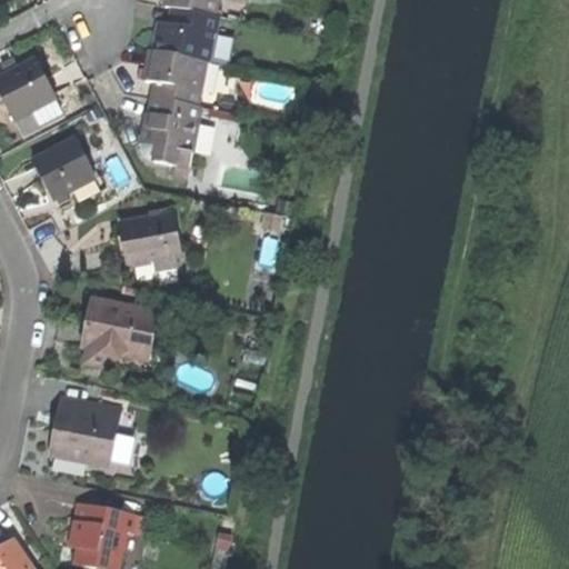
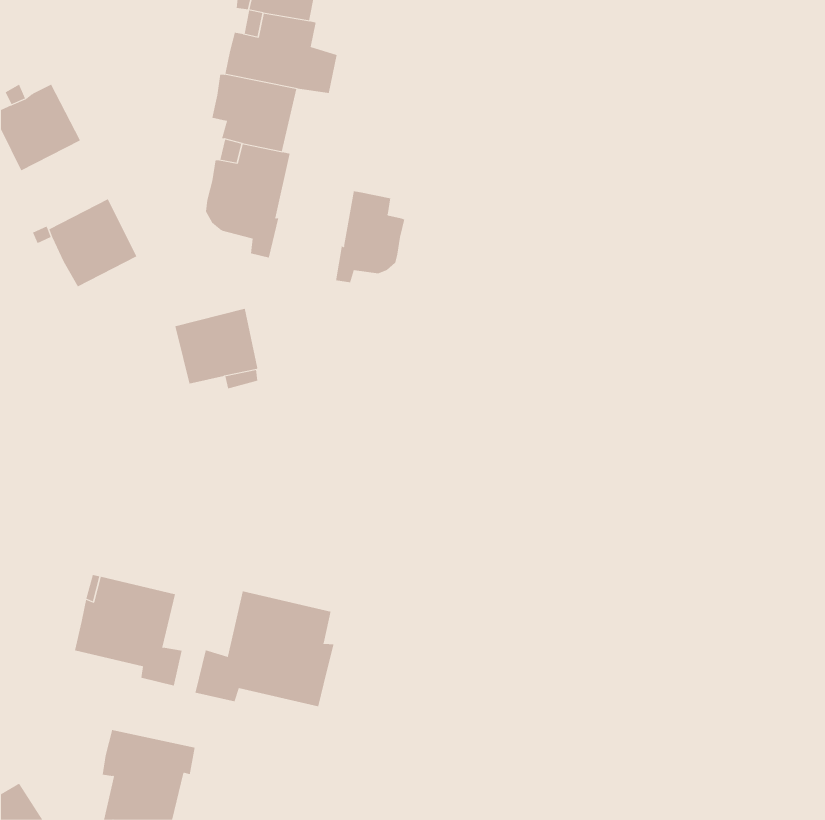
building: none -> [336,190,405,283]
building: [83,298,158,366] -> none
building: none -> [195,590,334,707]

